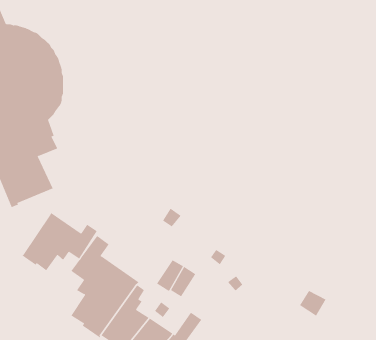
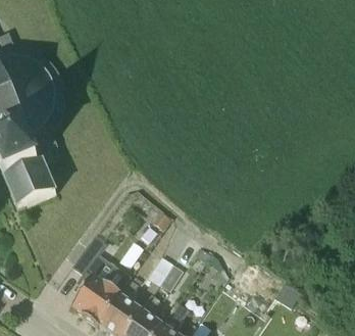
building: [21,212,98,271] -> none

